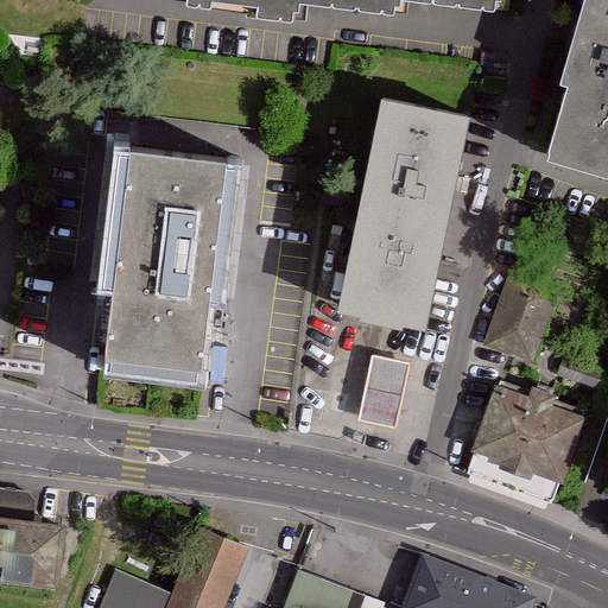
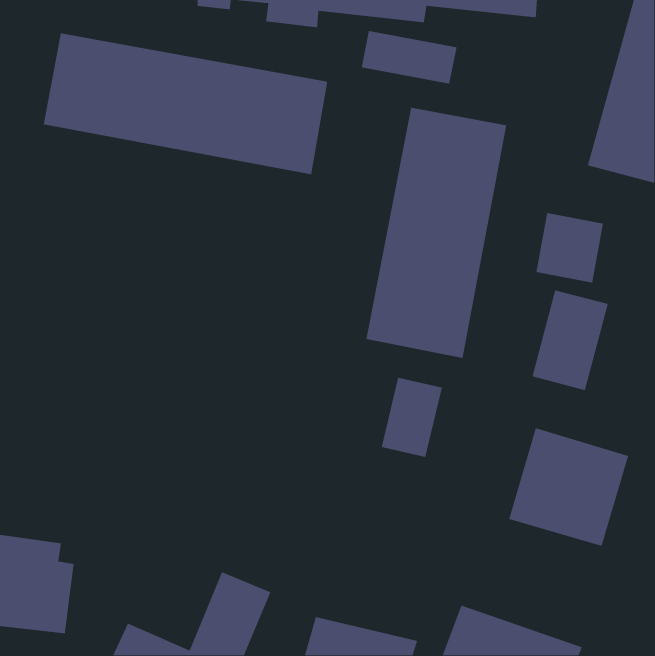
building: none -> [361,30,457,85]
building: none -> [43,33,328,175]
building: [95,151,228,374] -> none
building: none -> [535,212,604,283]

